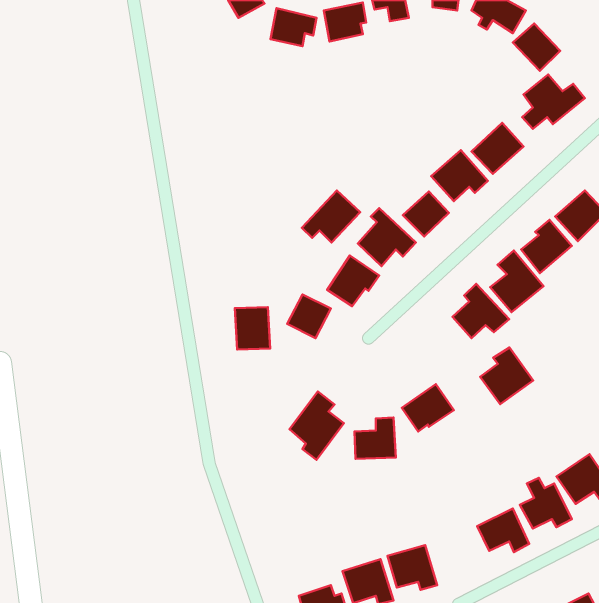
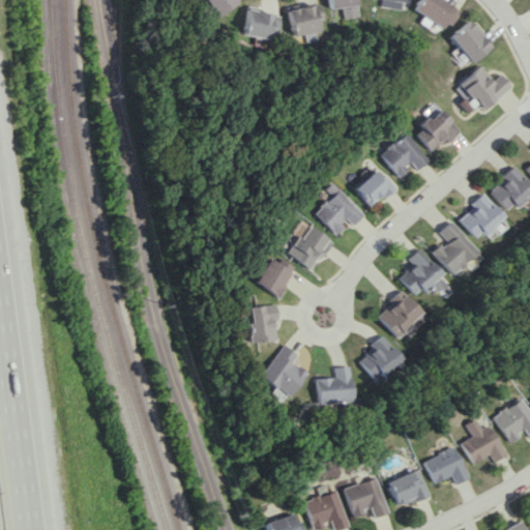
building: [302,190,360,242] -> none
building: [235,307,270,350] -> [247,305,278,343]
building: [480,347,533,404] -> [379,290,425,340]
building: none -> [385,469,429,508]

